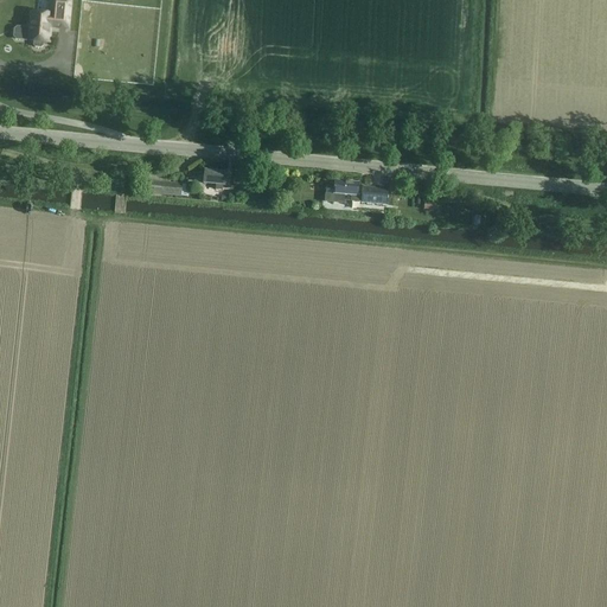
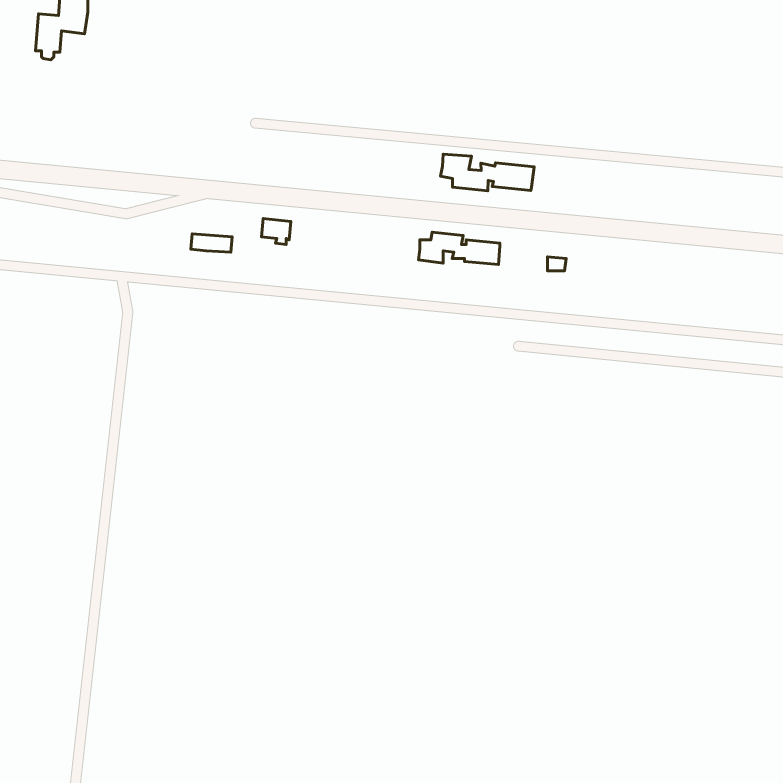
building: none -> [441,154,534,191]

